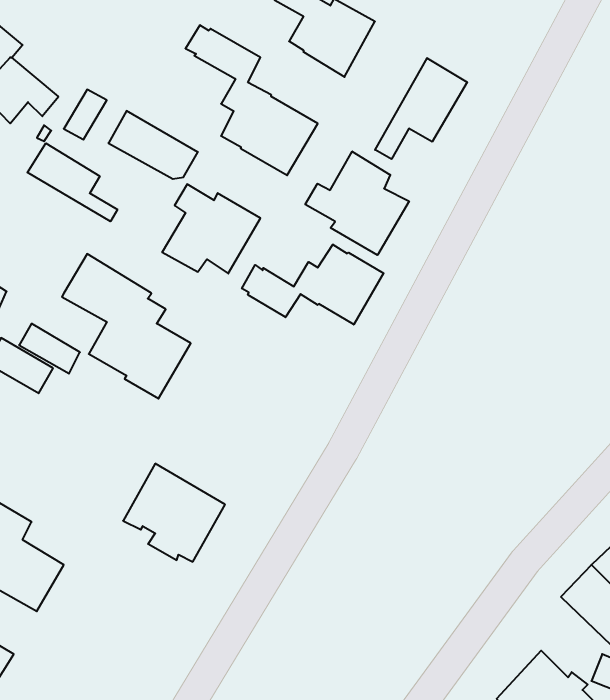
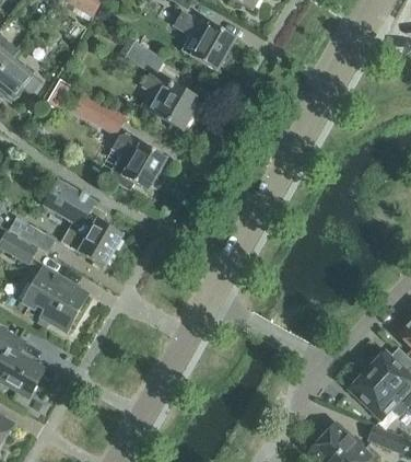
building: [375,58,467,159] -> none
building: [27,143,117,221] -> none
building: [305,151,409,255] -> none
building: [242,244,384,325] -> none
building: [123,464,225,562] -> [25,268,87,328]

